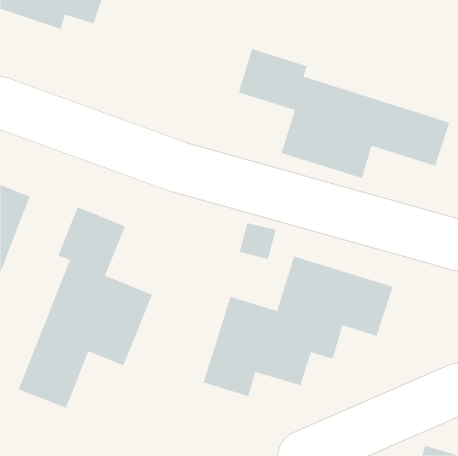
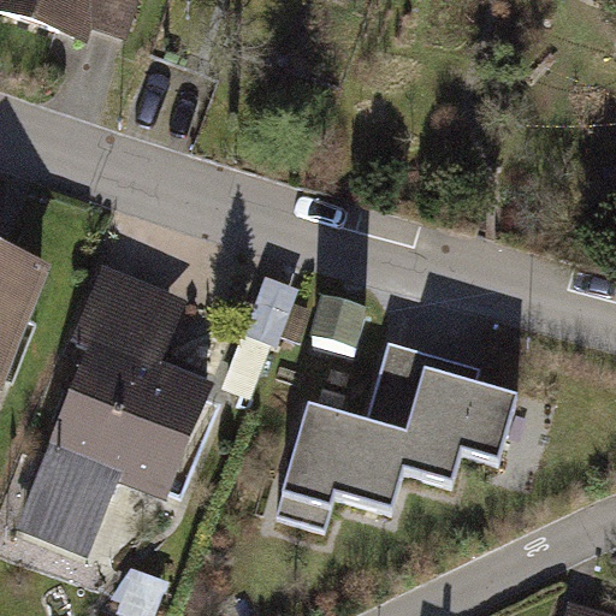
building: [238,48,450,179] -> none

